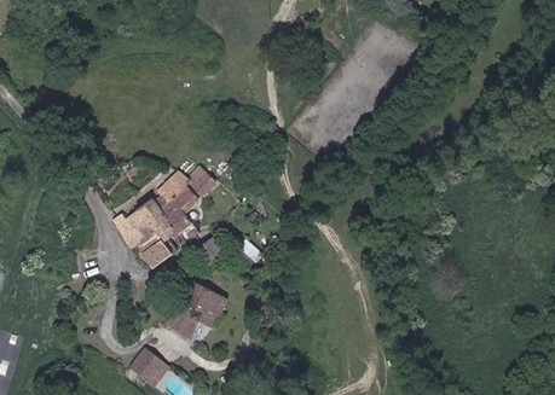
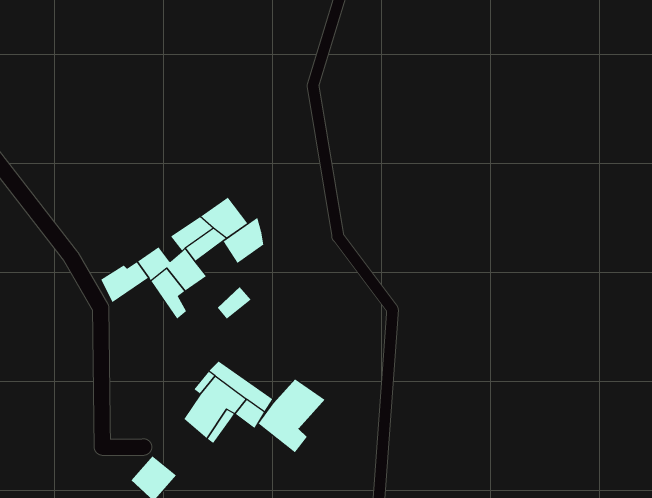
building: none -> [223,217,264,264]
building: [120,222,167,263] -> none
building: none -> [258,378,326,453]

